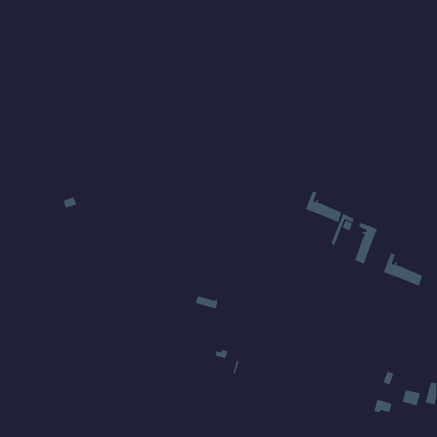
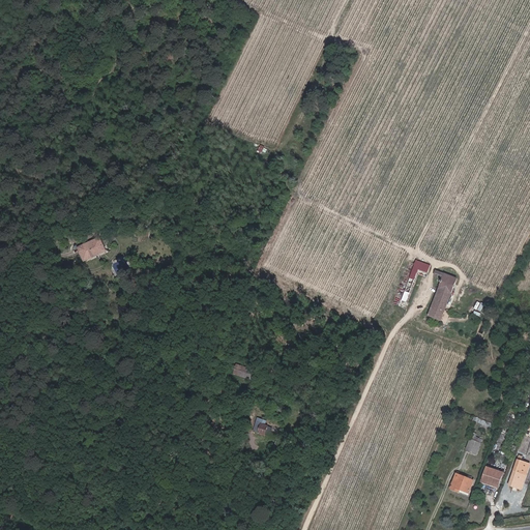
building: [305,190,342,223] -> none
building: [383,252,423,286] -> none

